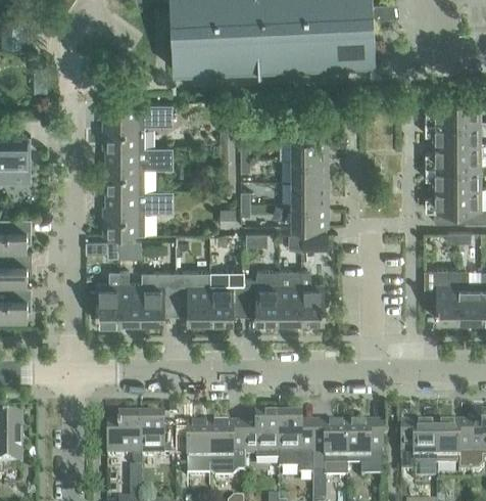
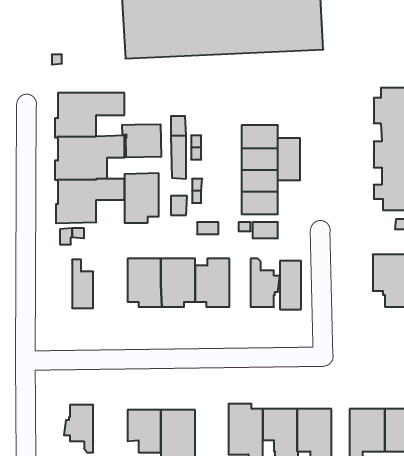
building: none -> [122,124,161,157]
building: none -> [278,138,300,180]
building: [141,272,176,322] -> [124,173,159,223]
building: [279,272,300,321] -> [280,261,301,309]
building: [90,277,119,322] -> none
building: [244,419,278,462] -> none
building: [141,420,176,457] -> none

